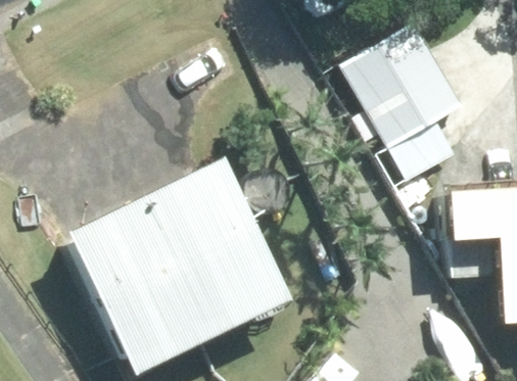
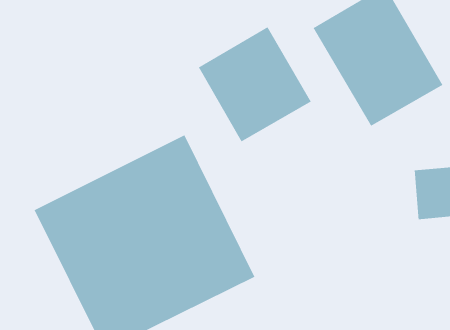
building: none -> [198,26,312,142]

